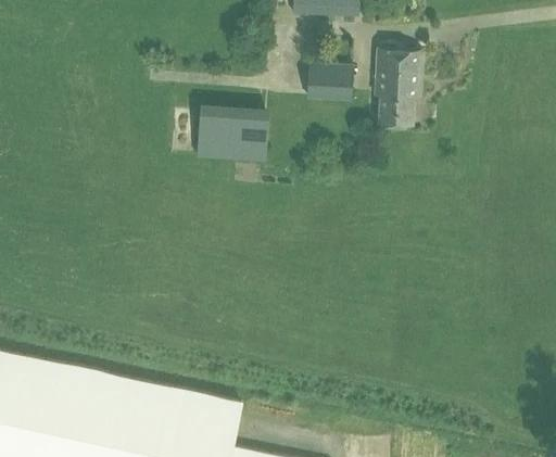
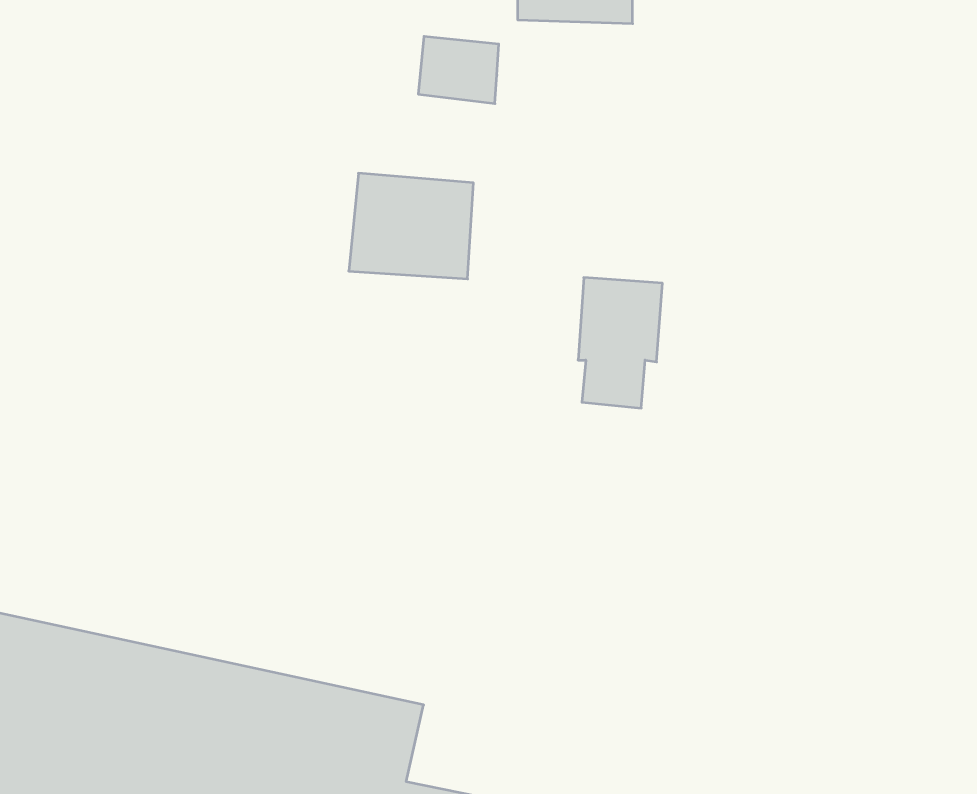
building: [376,50,424,124] -> [578,278,662,408]
building: [306,64,352,102] -> [418,36,499,104]

